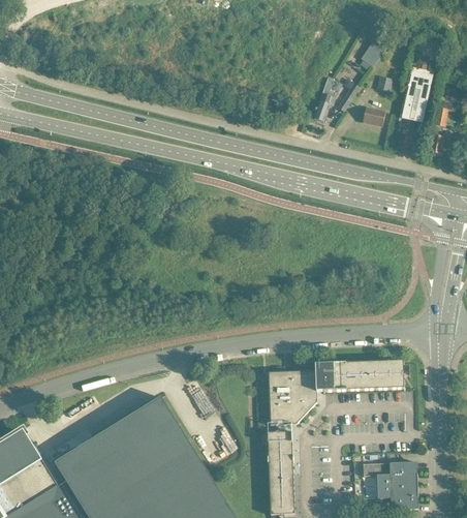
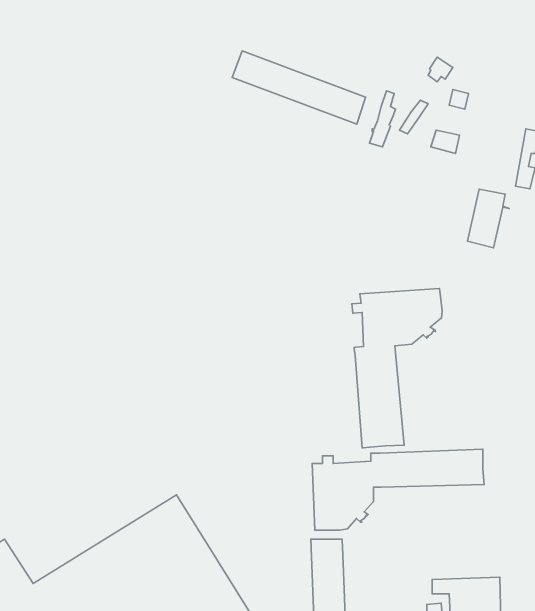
building: none -> [232,51,366,124]
building: [401,75,434,122] -> [467,189,509,248]
building: none -> [352,289,442,448]

